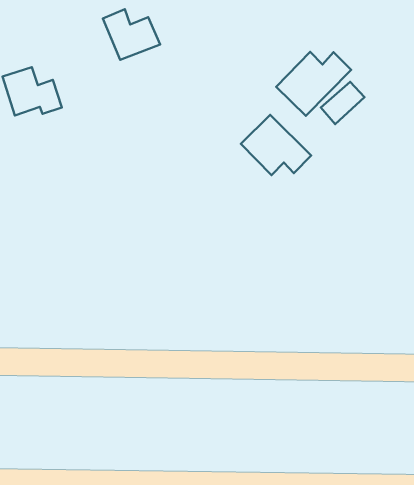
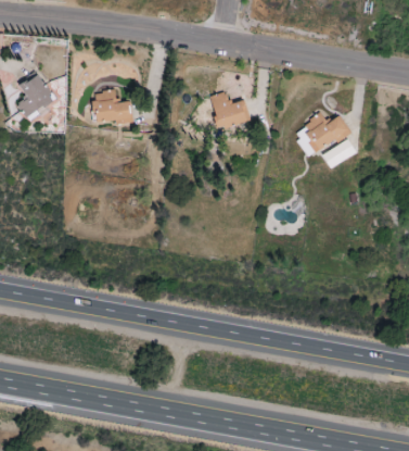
building: [103,9,160,60] -> [210,91,250,128]
building: [241,115,311,175] -> none

